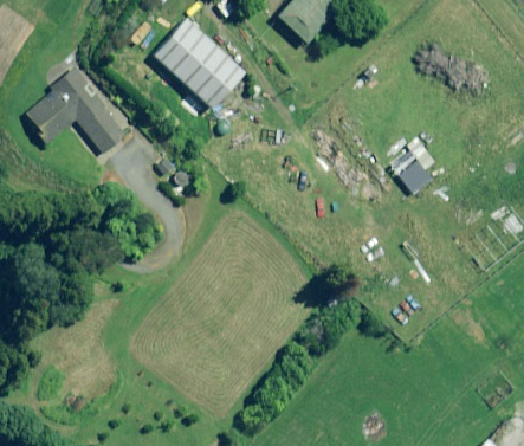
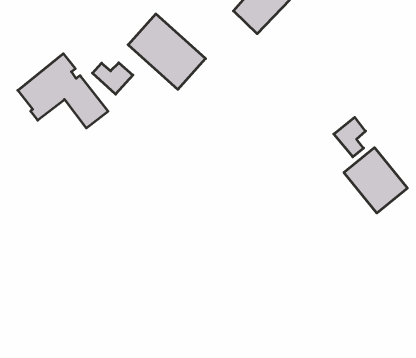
building: none -> [92,63,133,94]
building: none -> [344,148,407,213]

